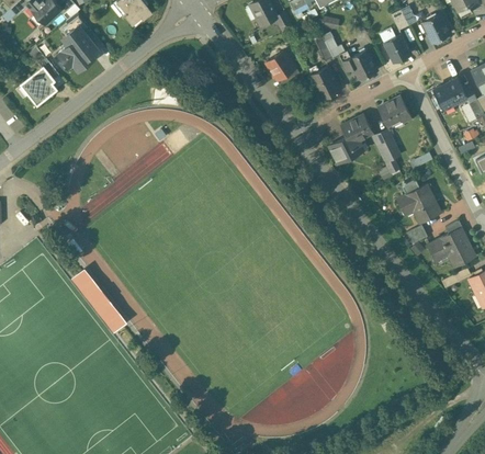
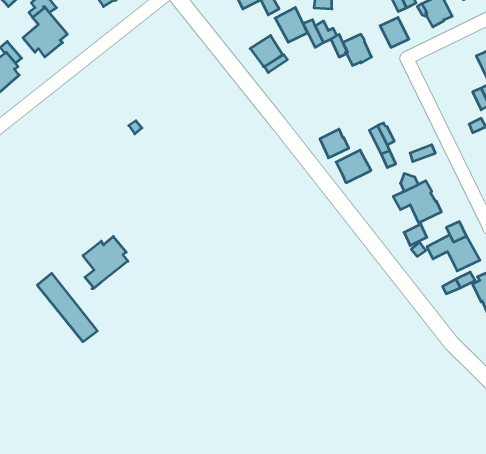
building: [309,67,339,99] -> [275,7,308,42]
building: [433,78,466,109] -> none
building: [377,97,410,129] -> none
building: [341,115,373,145] -> [336,150,371,182]
building: none -> [83,236,128,289]

